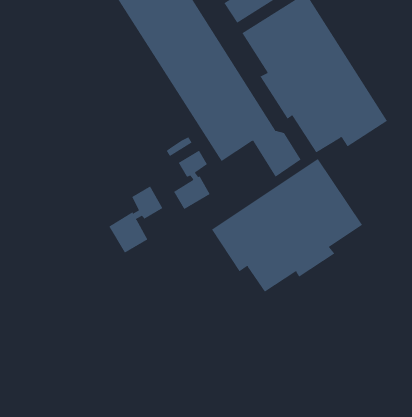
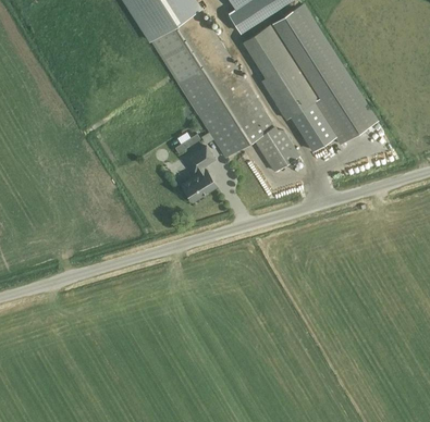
building: [211,158,363,293] -> none
building: [109,185,163,254] -> none

